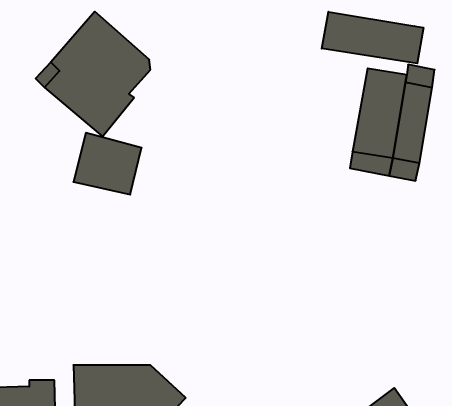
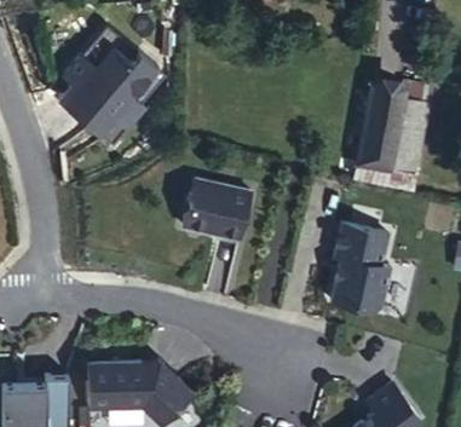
building: [322,12,423,63] -> none
building: [73,133,142,195] -> [184,179,249,238]
building: none -> [332,224,390,310]

